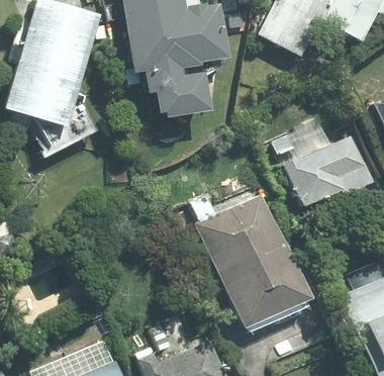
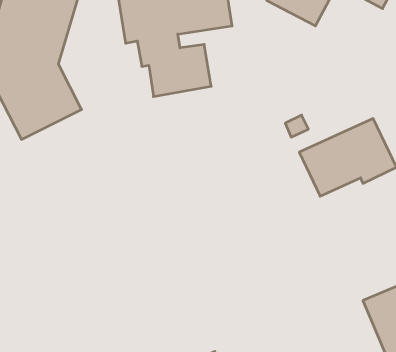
building: [196,192,310,327] -> none

